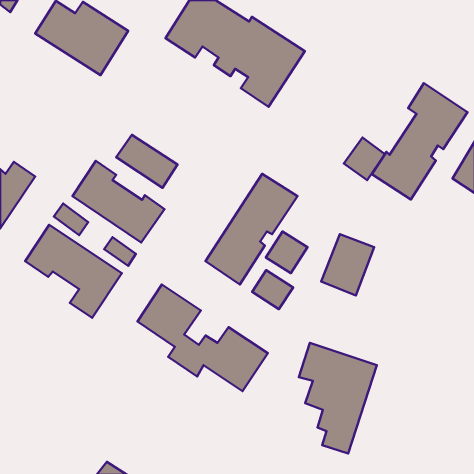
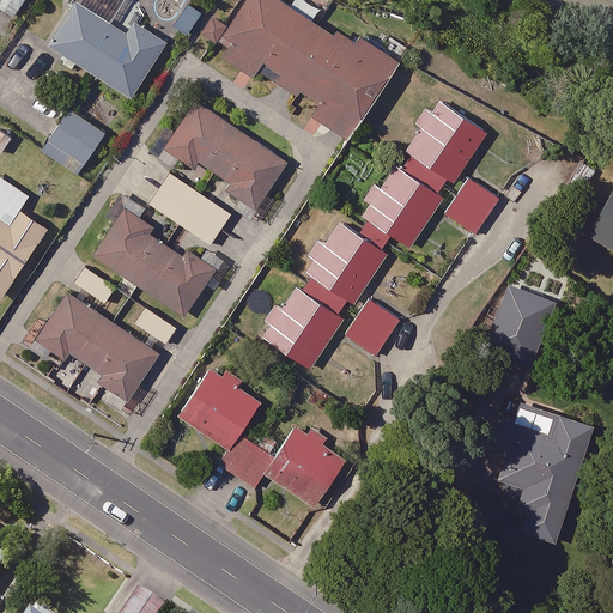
building: none -> [164,103,285,208]
building: [372,83,467,199] -> [360,97,484,247]
building: none -> [42,109,105,174]
building: [321,234,374,296] -> [486,286,554,365]
building: [252,270,293,309] -> none
building: [299,343,377,453] -> [491,400,591,542]

